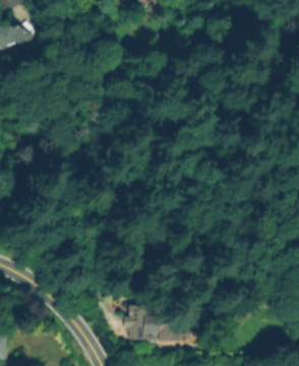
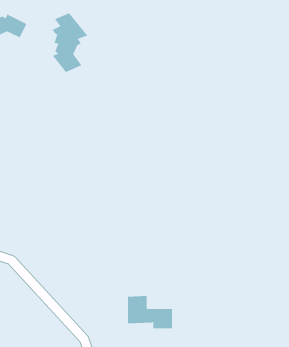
building: none -> [51,12,88,73]

